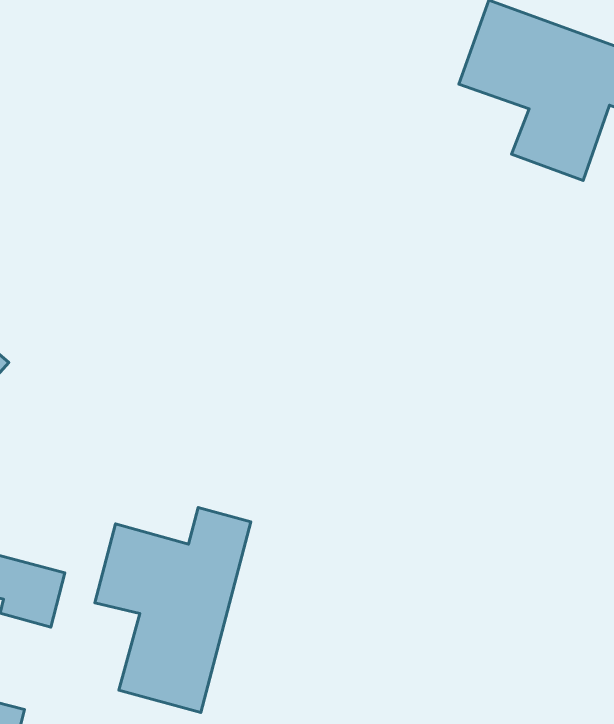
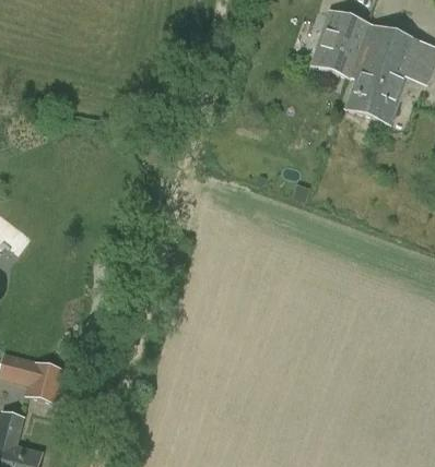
building: [95,507,251,713] -> none

